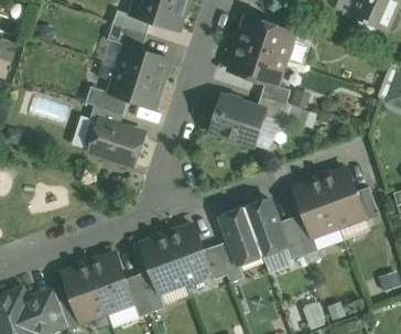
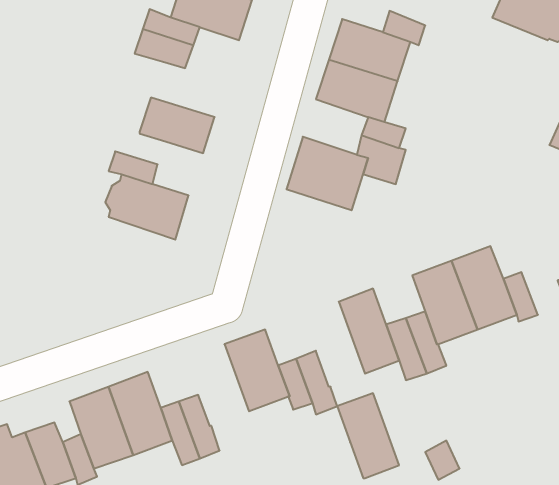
building: [117,45,167,83] -> none
building: [84,86,127,115] -> none
building: [219,207,261,265] -> [337,393,399,478]
building: [140,236,183,291] -> none

